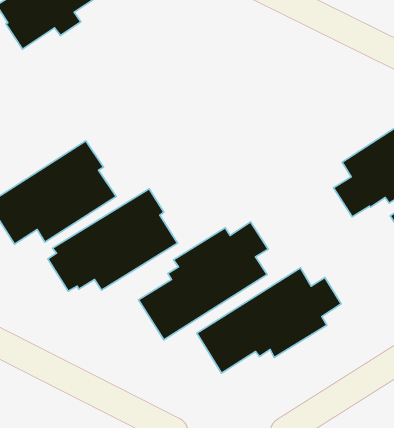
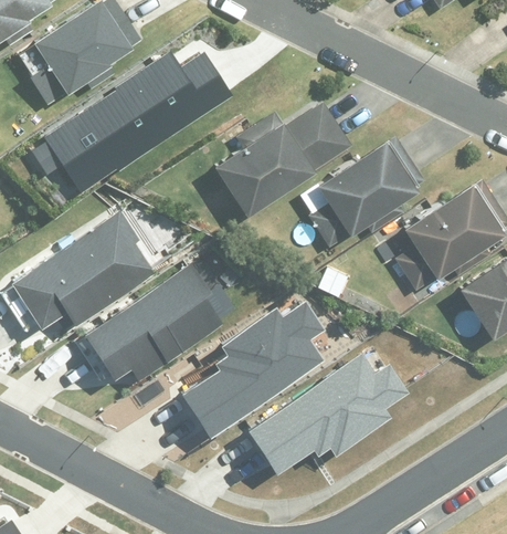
building: none -> [30,56,234,195]
building: none -> [218,103,356,220]
building: none -> [313,145,423,249]

